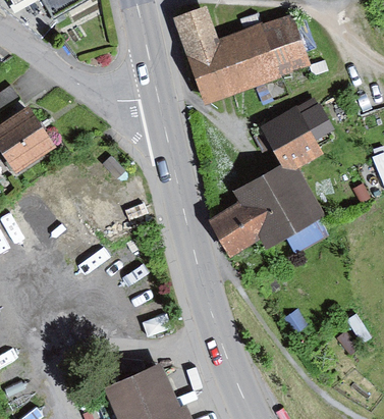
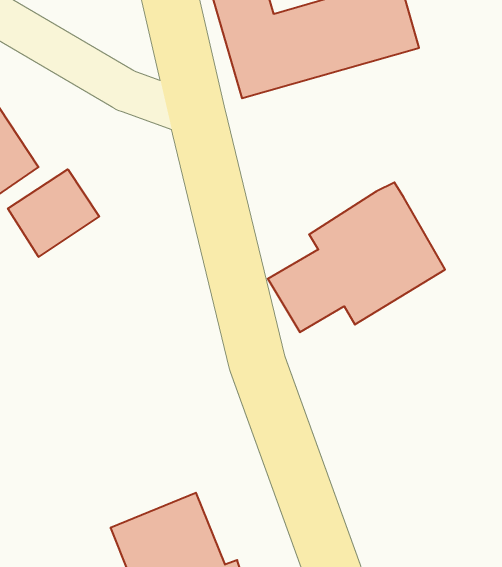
building: [259,95,335,166] -> none
building: none -> [8,169,99,257]

